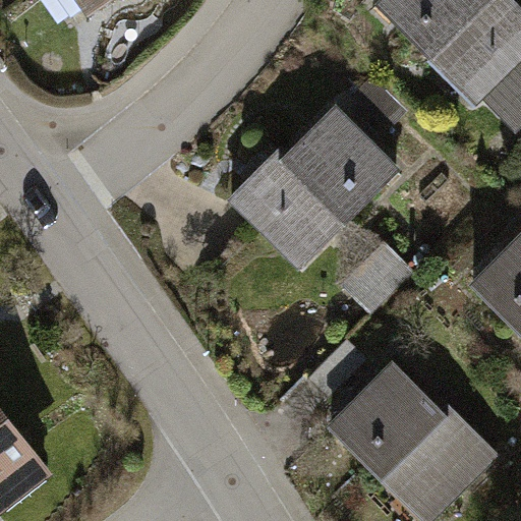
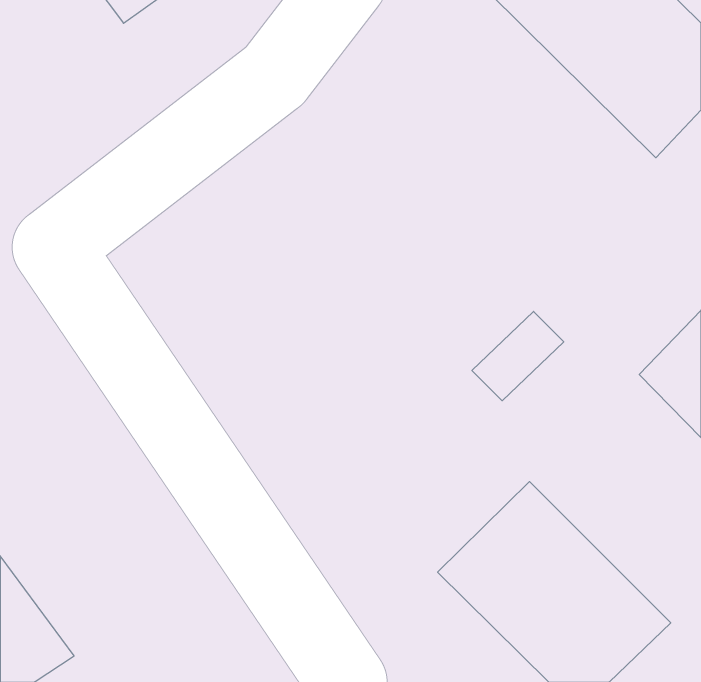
building: [235,102,405,272] -> none

